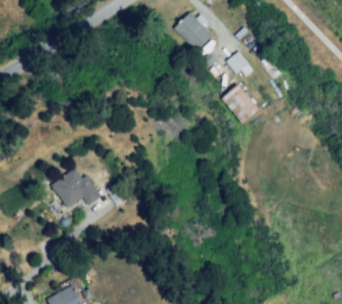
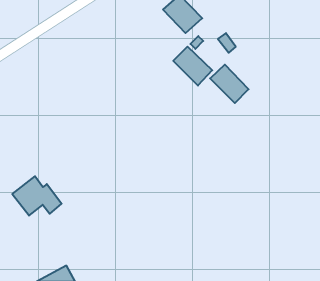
building: none -> [173,47,212,86]
building: [50,168,100,208] -> [12,176,62,216]

